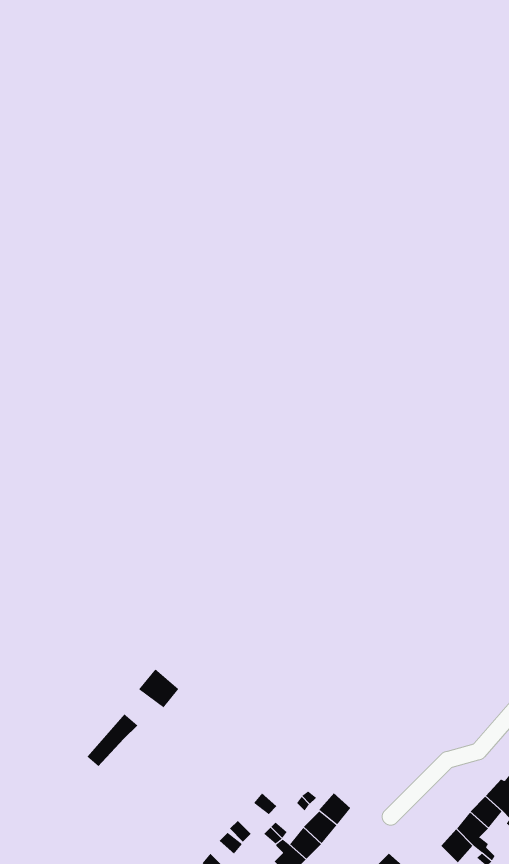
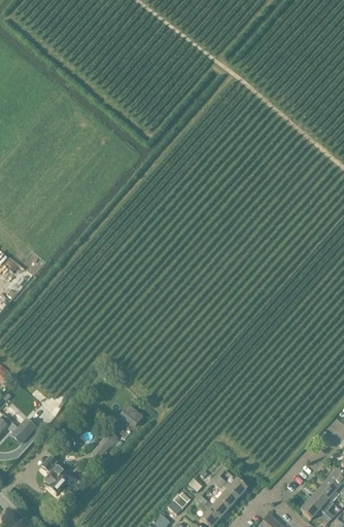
building: none -> [43,455,70,493]

